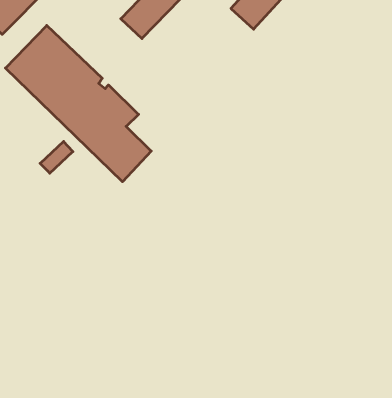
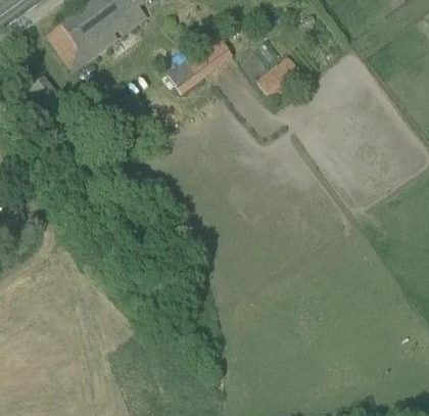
building: [5,25,151,182] -> none

